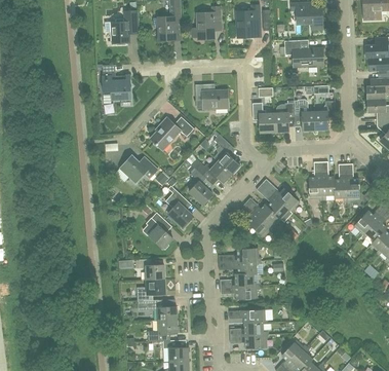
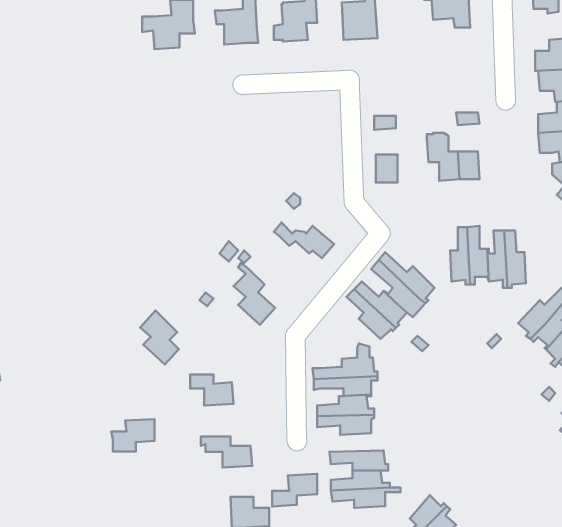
building: [279,40,322,67] -> none
building: [102,74,131,106] -> none
building: [194,83,227,109] -> none
building: [273,103,294,132] -> none
building: [149,116,193,149] -> none
building: [210,129,239,173] -> none
building: [119,154,157,182] -> none
building: [188,168,211,203] -> none
building: [146,212,171,248] -> [140,310,179,365]
building: [135,279,164,300] -> [111,419,154,452]
building: [147,320,177,341] -> [272,474,317,506]

